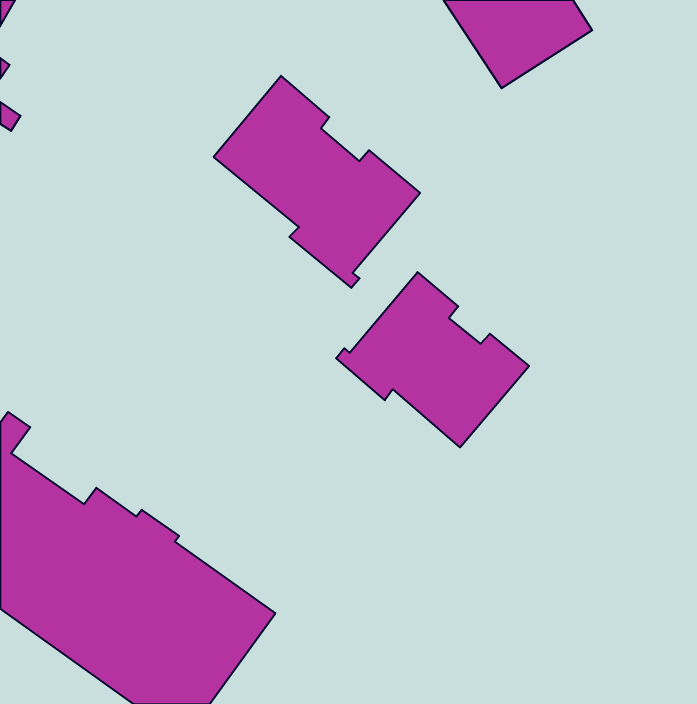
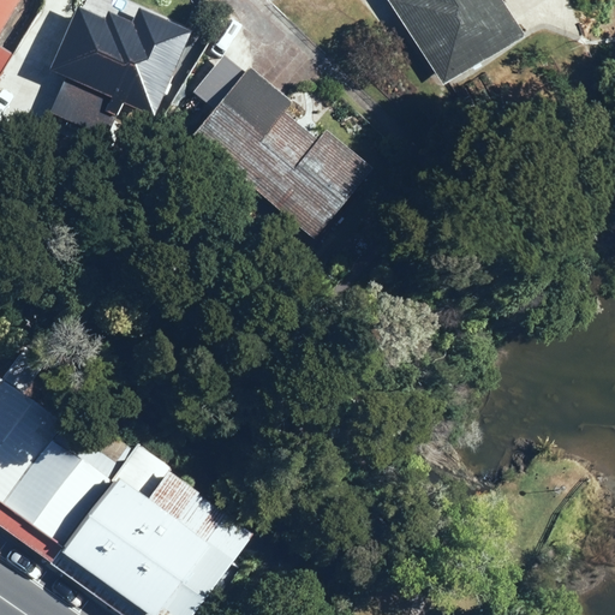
building: none -> [49,6,192,138]
building: [336,272,529,447] -> none

